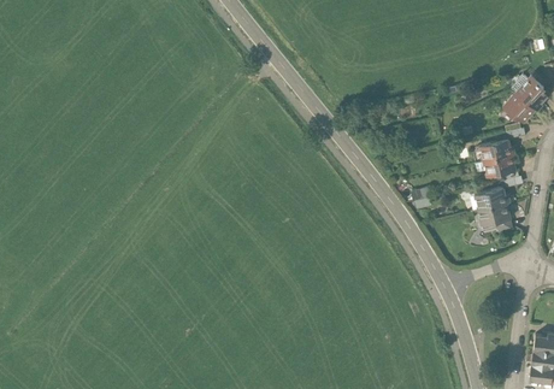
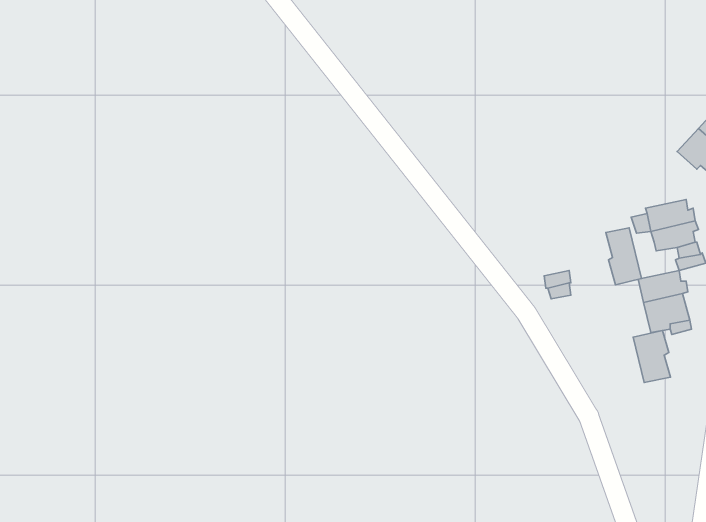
building: none -> [606,228,641,285]
building: none -> [633,330,670,382]

